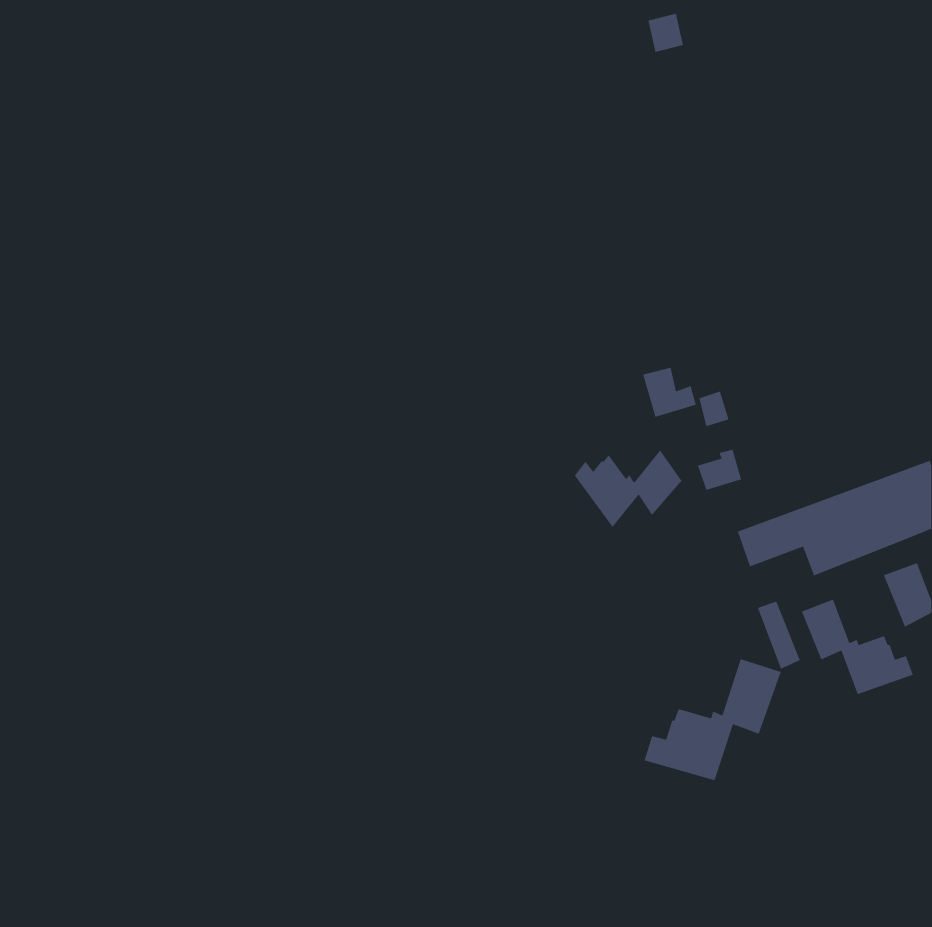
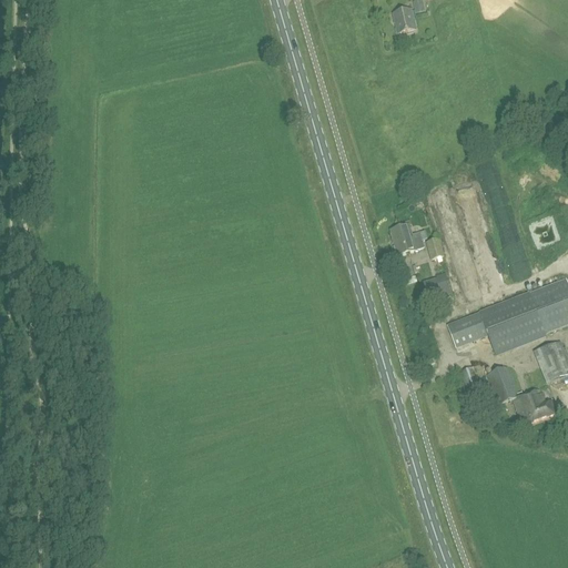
building: [574,449,682,528] -> none
building: [643,658,782,781] -> none

